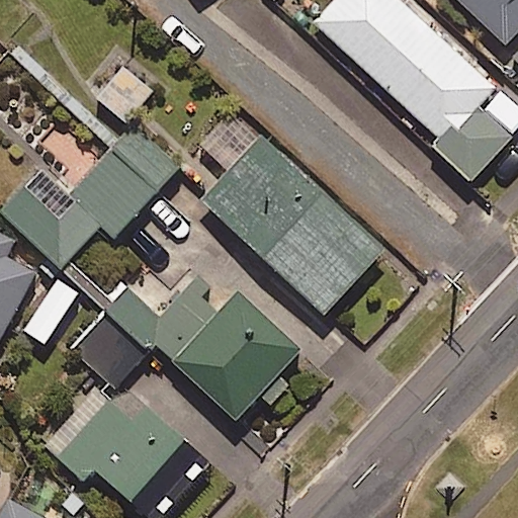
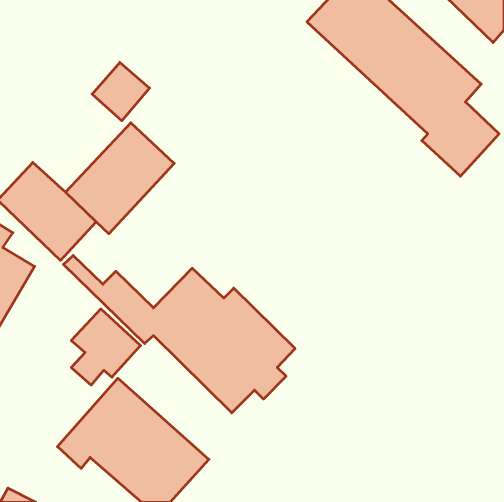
building: [195,117,384,313] -> none

